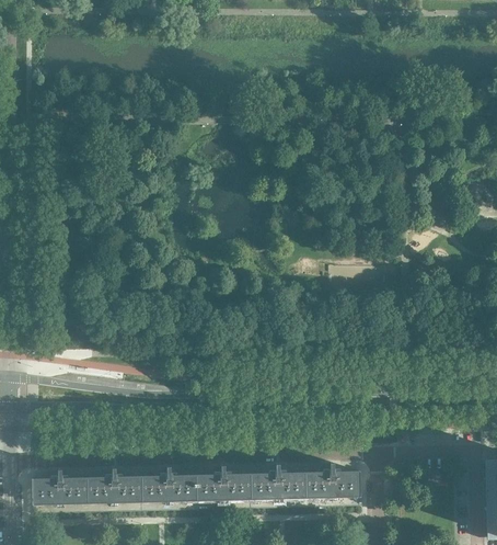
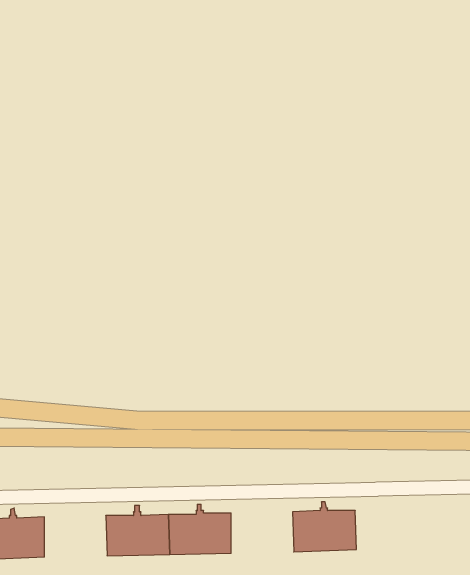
building: [250,459,304,503] -> none
building: [86,463,141,507] -> none

